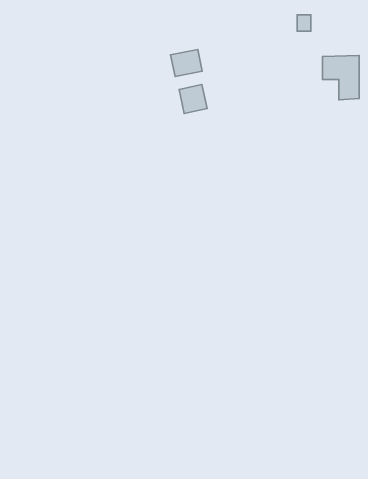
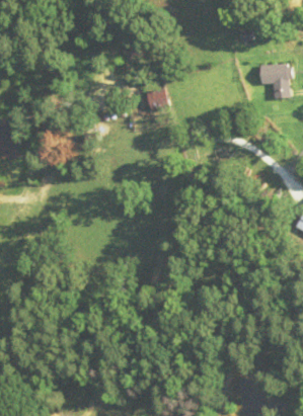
building: [171,49,202,77] -> none

